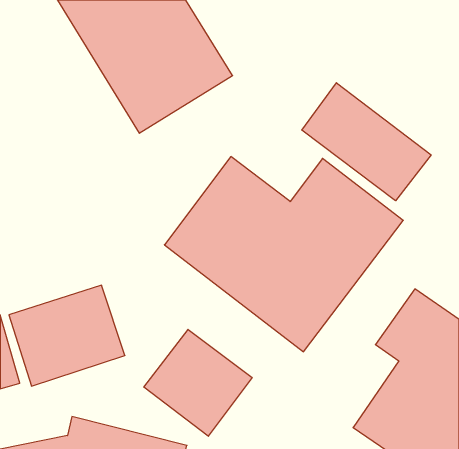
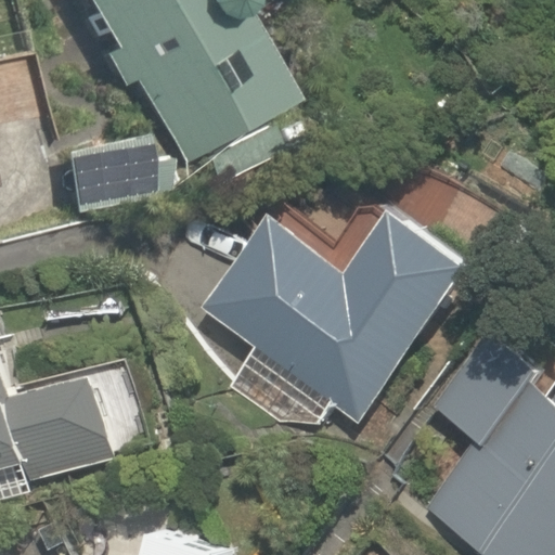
building: [302,83,431,201] -> none
building: [144,329,252,436] -> none

